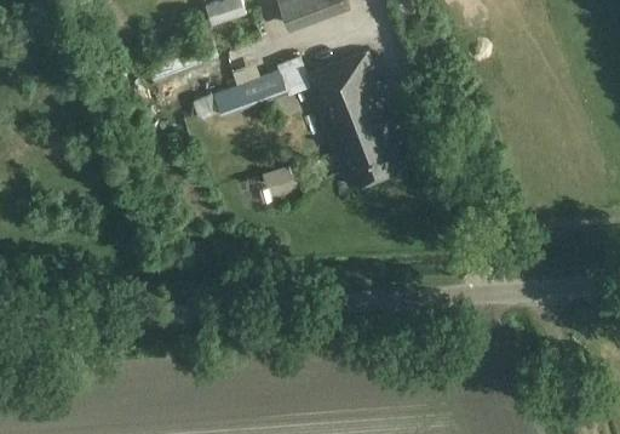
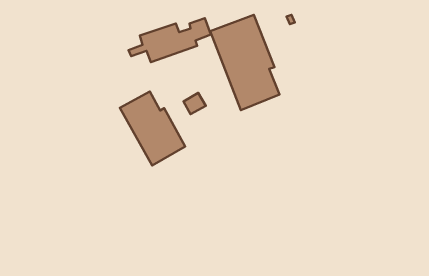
building: none -> [120,92,185,166]

